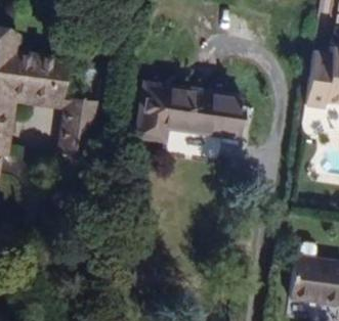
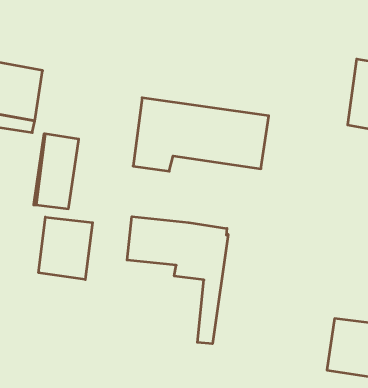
building: none -> [127,217,228,344]
building: none -> [39,217,93,280]

